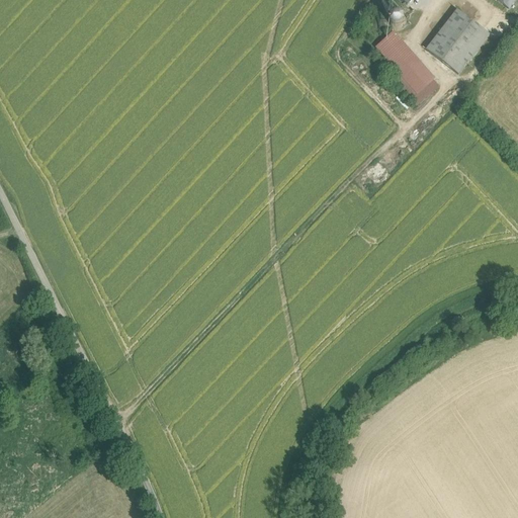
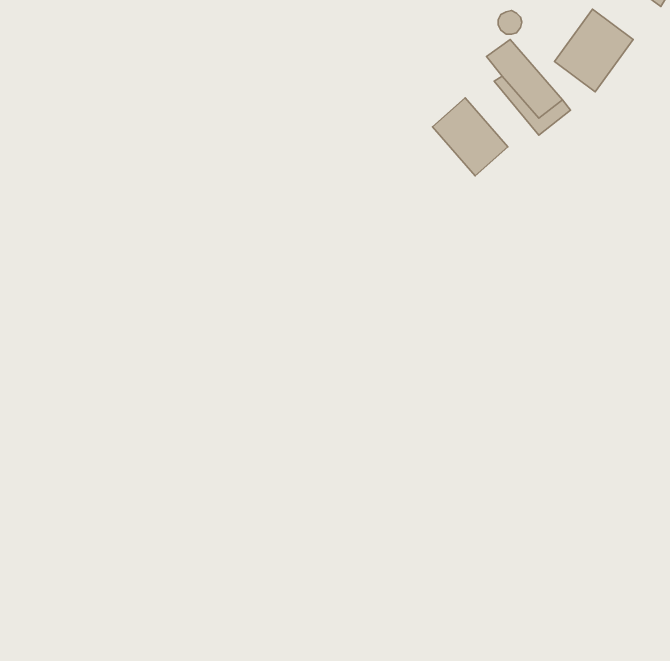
building: none -> [432,98,508,176]

